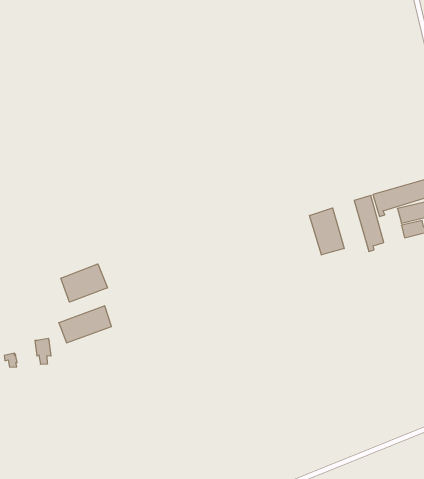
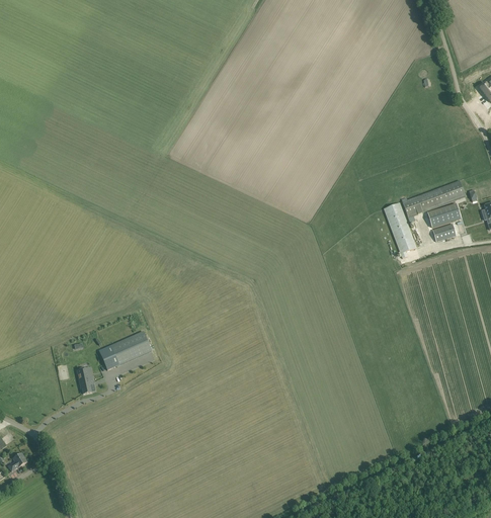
building: [310,208,344,255] -> none
building: [61,264,108,302] -> none

